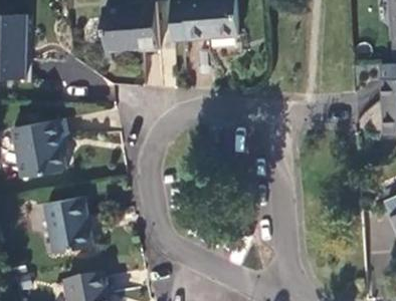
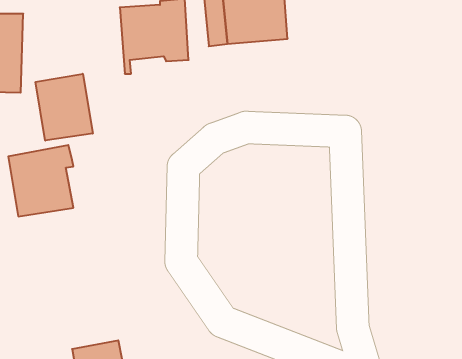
building: none -> [36,74,93,141]
building: [46,199,90,252] -> none

